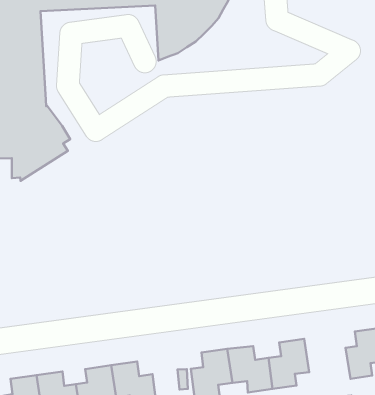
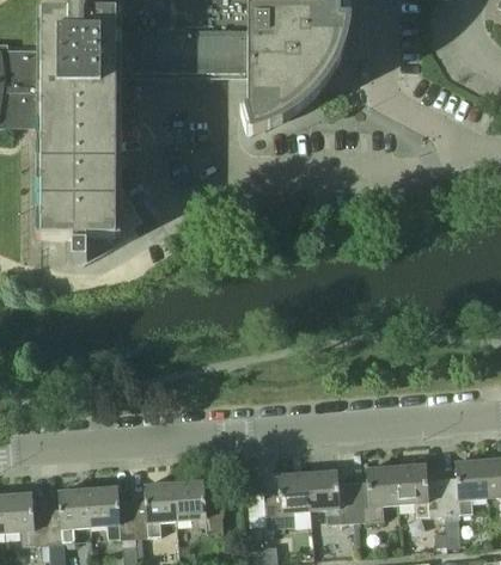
building: none -> [395,463,445,516]

